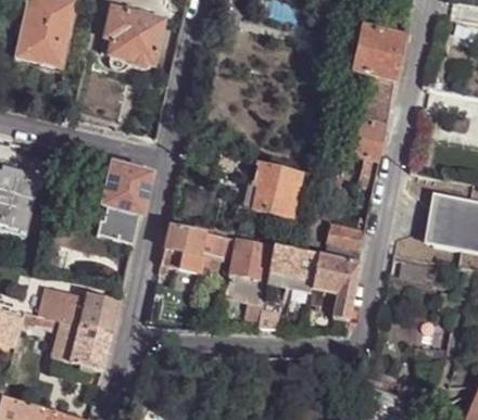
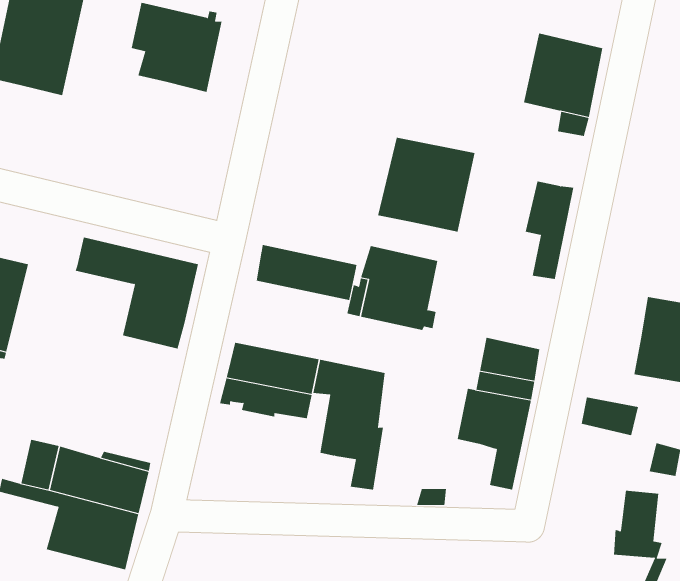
building: none -> [377,137,475,232]
building: none -> [256,244,358,301]
building: [266,244,319,290] -> none

